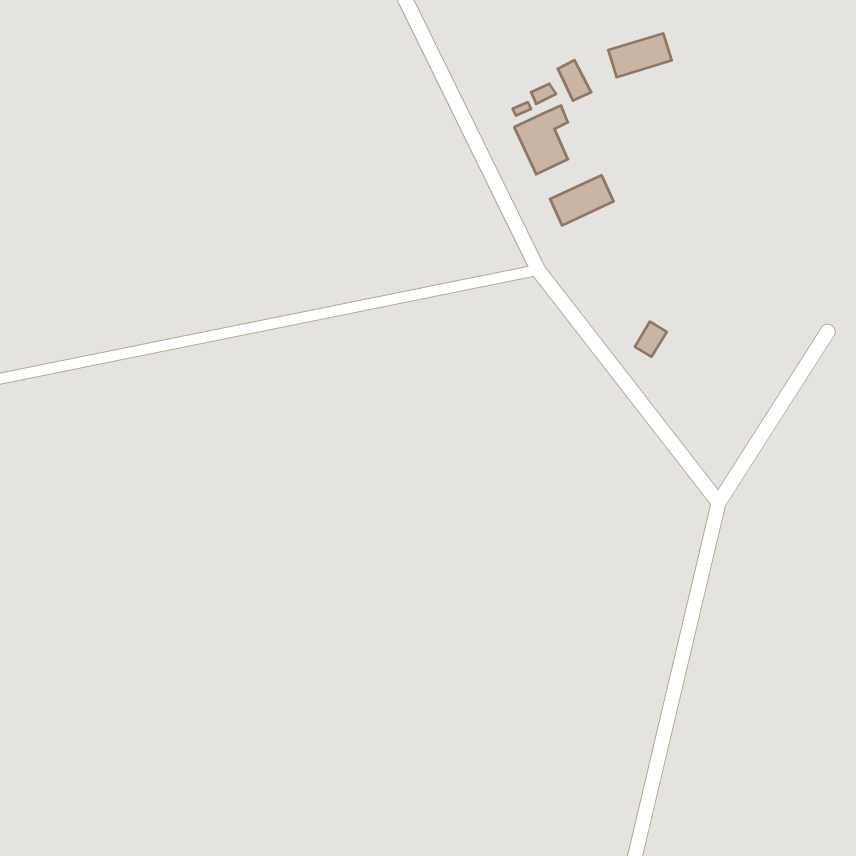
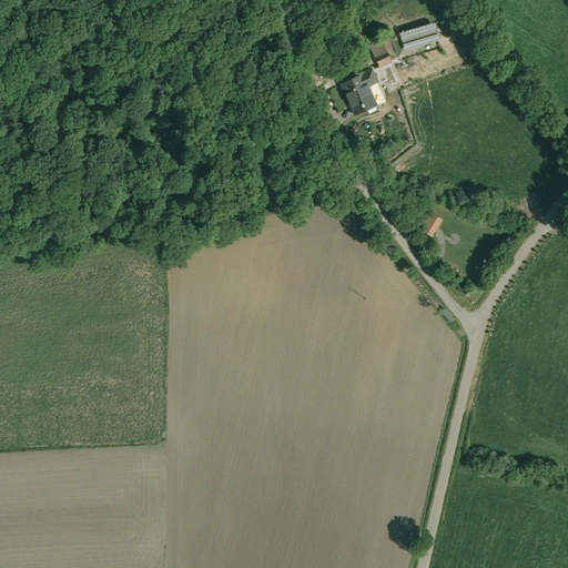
building: [550,175,613,225] -> none

